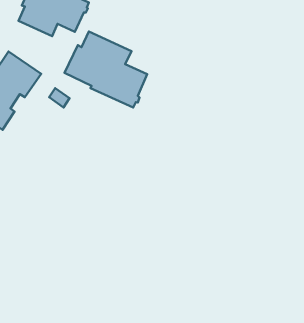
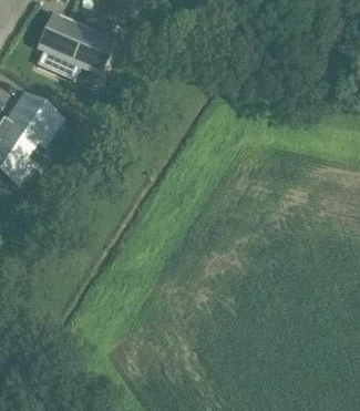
building: [65,32,147,108] -> none

